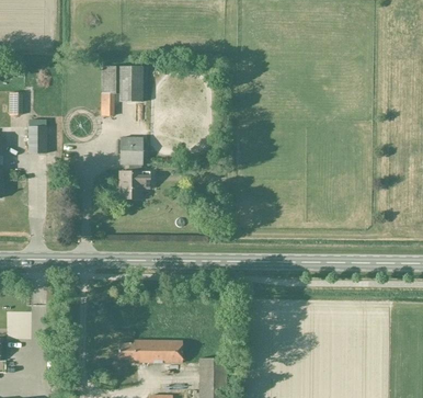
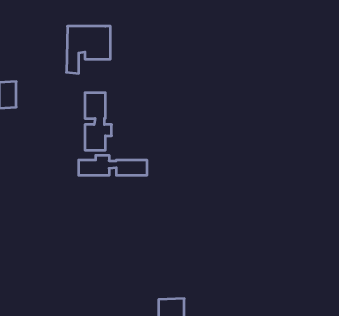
building: none -> [79,155,147,175]
building: [117,341,182,363] -> none

